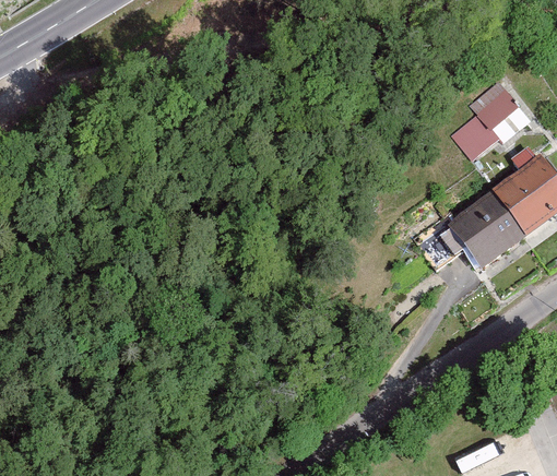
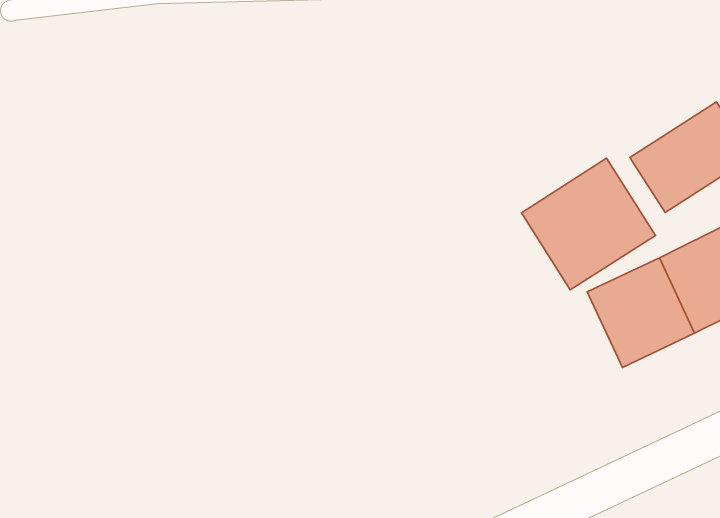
building: none -> [521,158,655,290]

